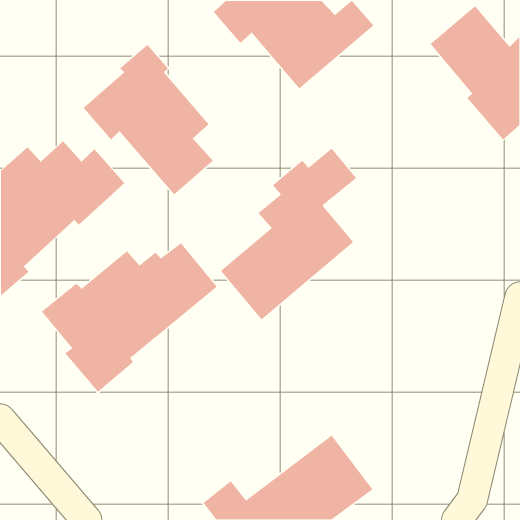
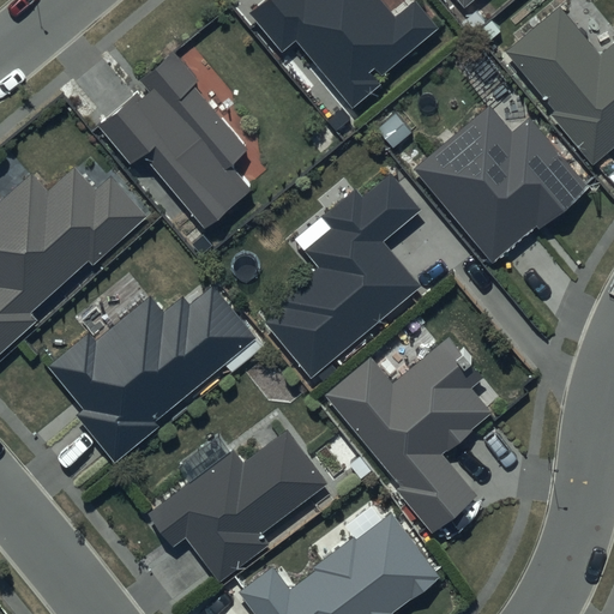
building: none -> [413,106,591,263]
building: none -> [325,338,492,535]
building: none -> [148,431,326,583]

